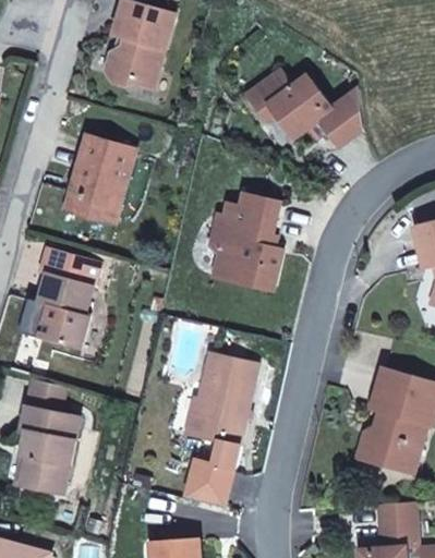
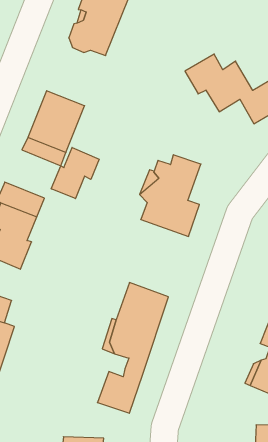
building: none -> [51,147,99,199]

